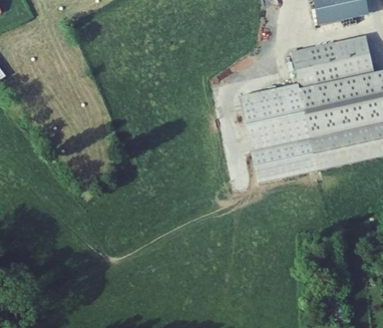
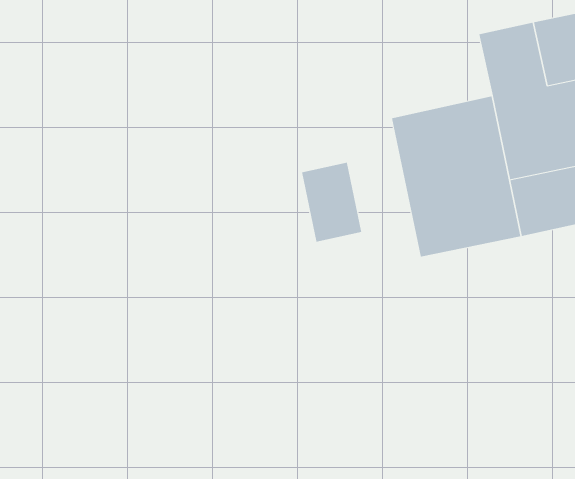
building: none -> [302,162,362,243]

